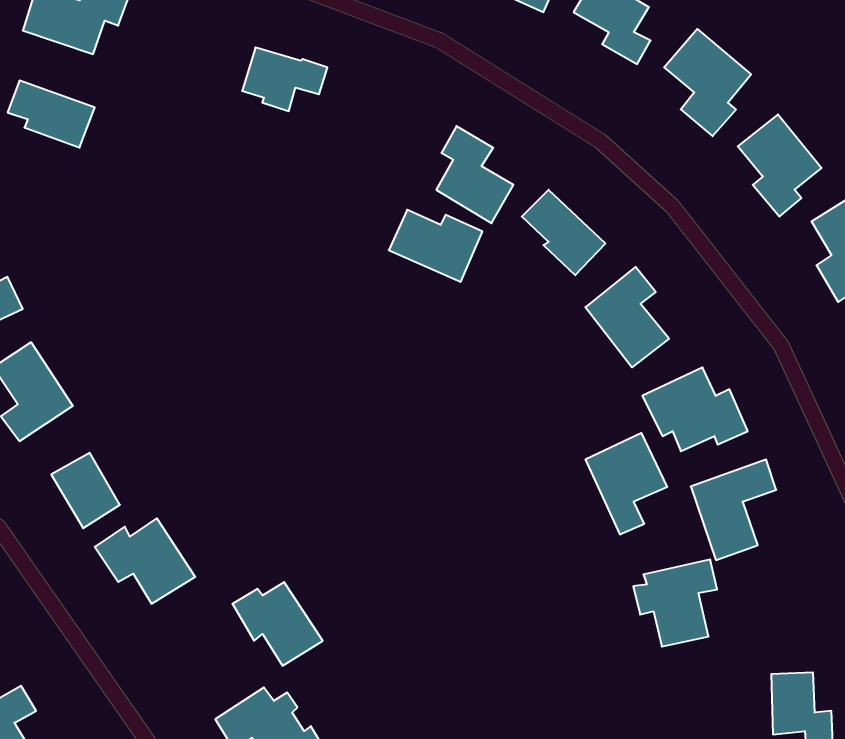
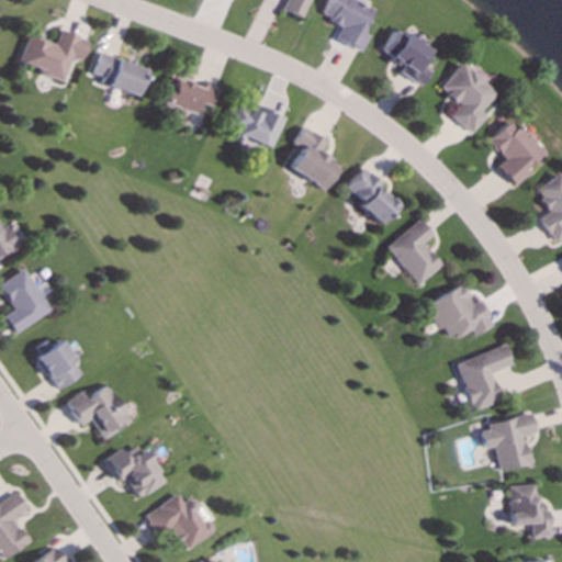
building: [8,81,95,148] -> [91,52,148,95]
building: [389,210,482,282] -> [224,102,285,149]
building: [586,433,667,535] -> none
building: [633,559,717,647] -> [482,413,537,470]
building: [232,582,323,666] -> [106,443,166,498]

